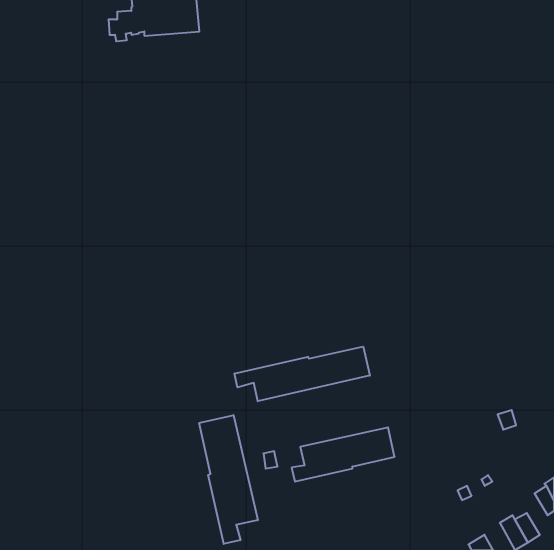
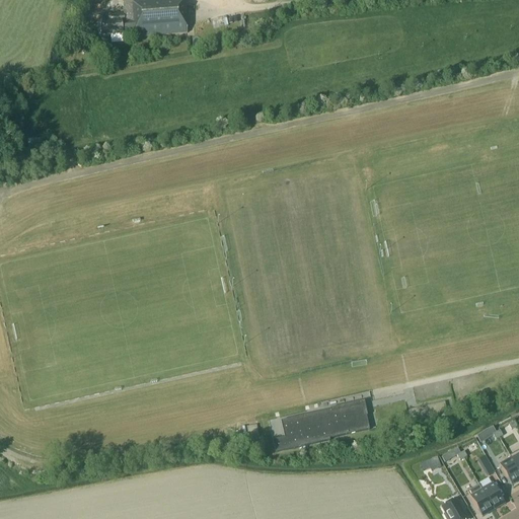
building: [235,347,370,401] -> none
building: [199,415,258,544] -> none

